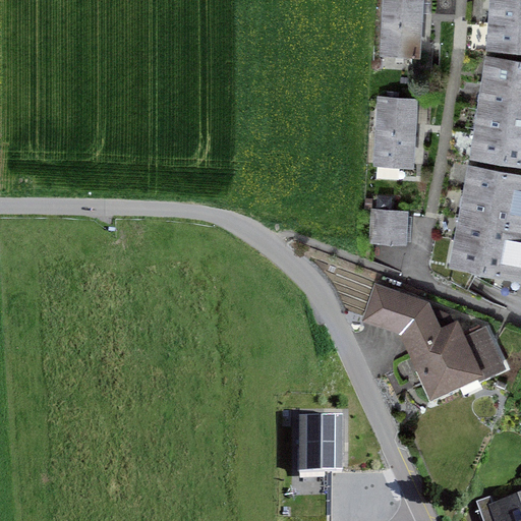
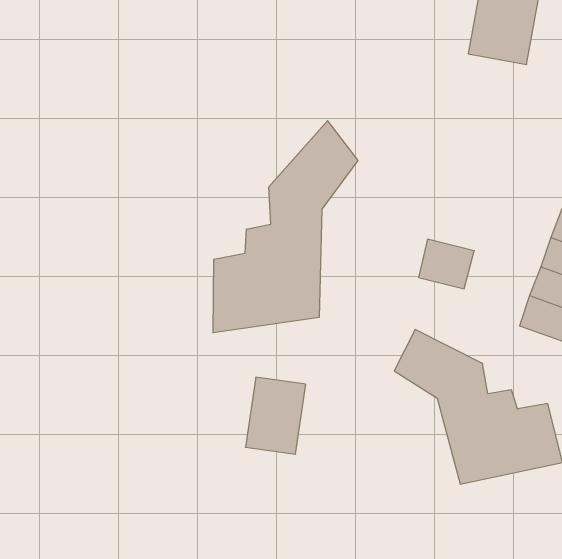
building: [370,97,417,167] -> none
building: none -> [213,121,358,333]
building: [302,413,344,471] -> [245,377,306,454]

